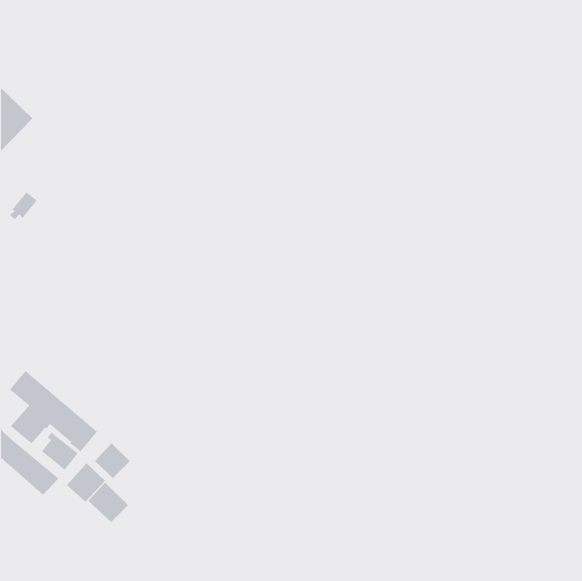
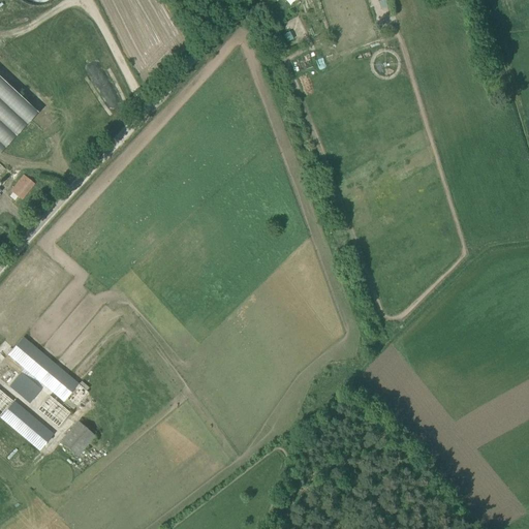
building: [94,443,130,479] -> none
building: [88,482,129,523] -> none

